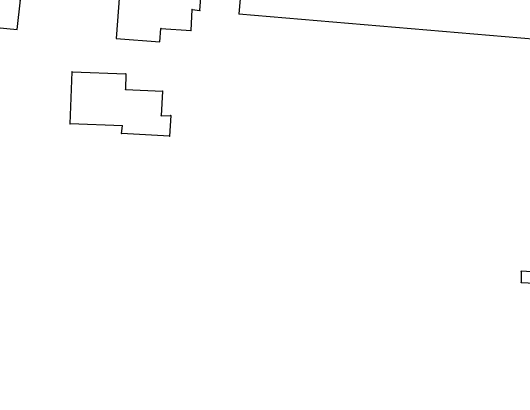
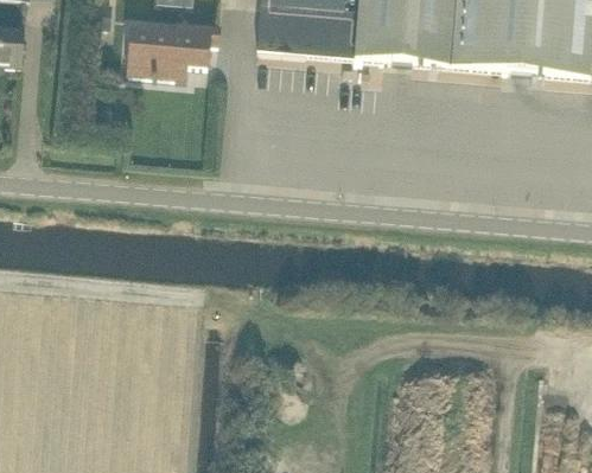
building: [70,72,171,136] -> none

